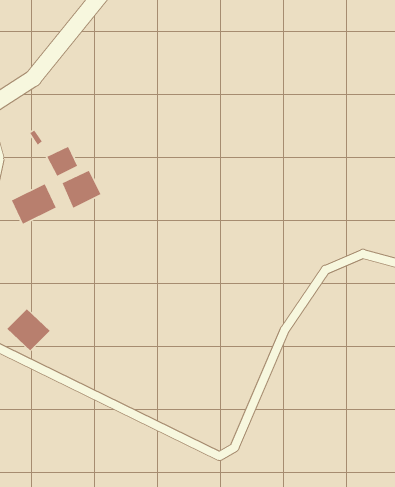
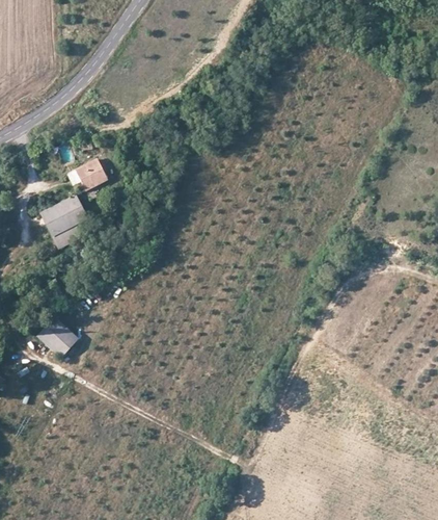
building: [61,170,101,209] -> none

